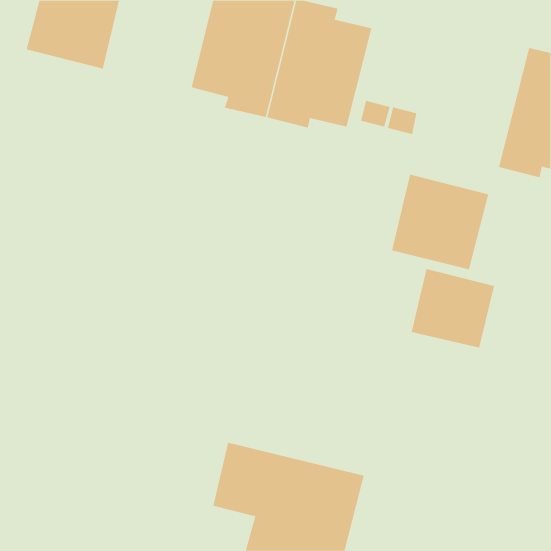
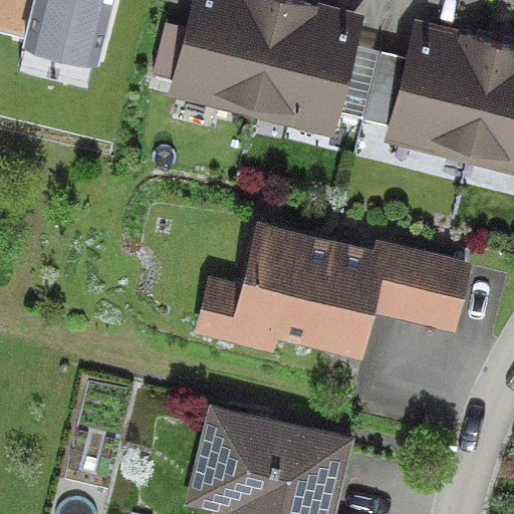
building: none -> [394,34,492,156]
building: [391,174,489,270] -> none
building: none -> [235,229,375,346]

